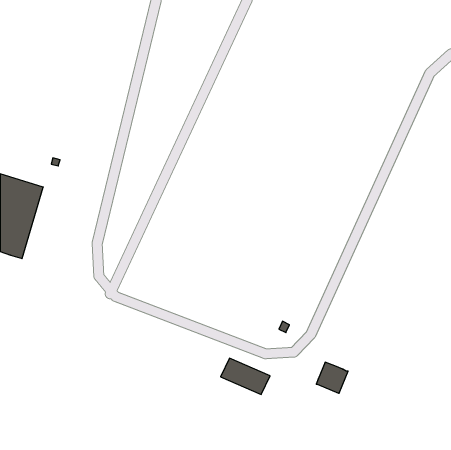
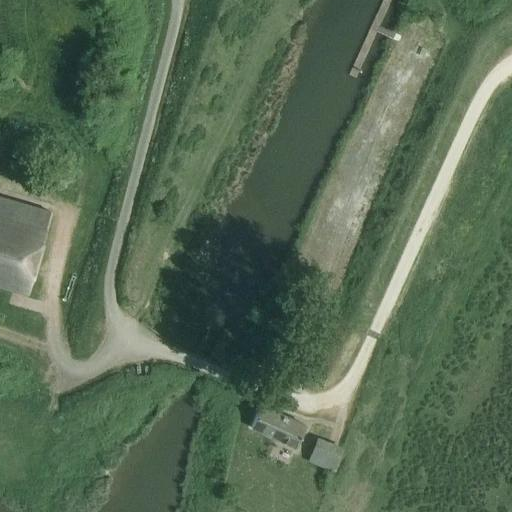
building: [316,362,348,393] -> [307,438,343,473]

